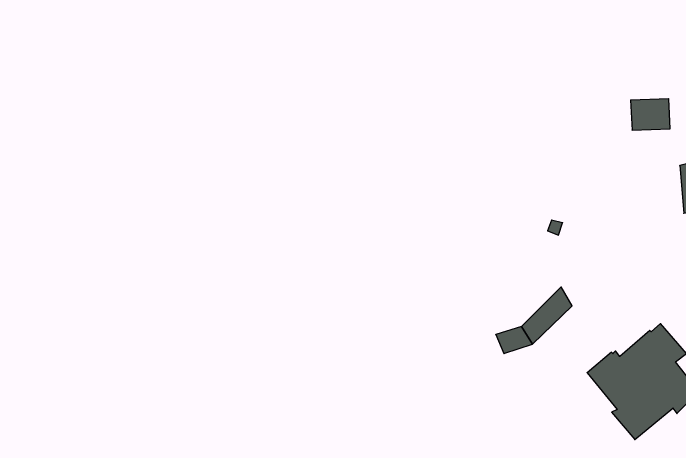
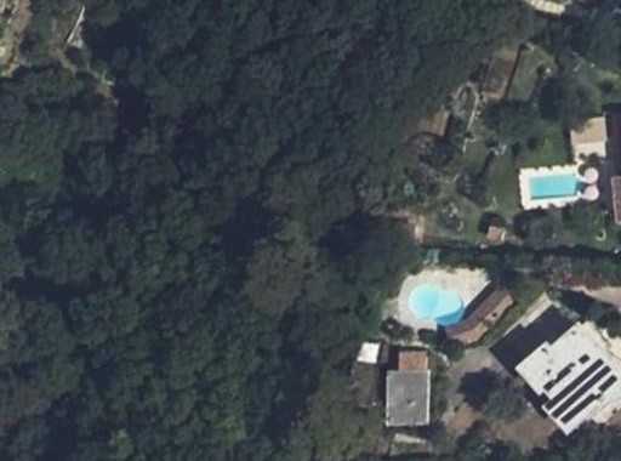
building: none -> [388,354,426,425]

